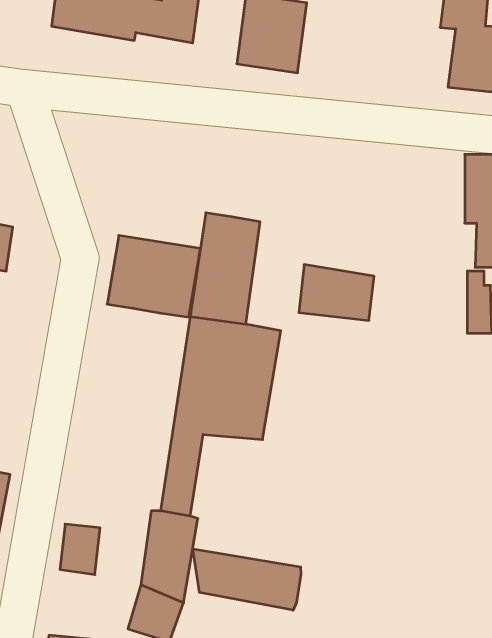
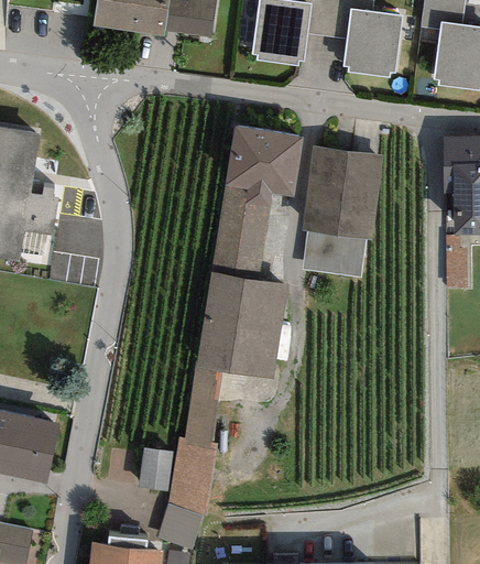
building: none -> [345,13,401,79]
building: none -> [302,148,381,240]
building: [107,235,200,317] -> [223,127,303,196]
building: [60,524,100,575] -> [138,449,172,492]
building: [193,549,301,610] -> none

